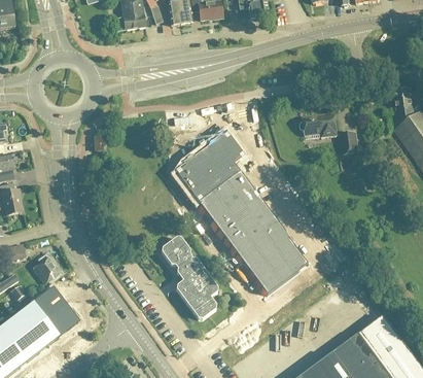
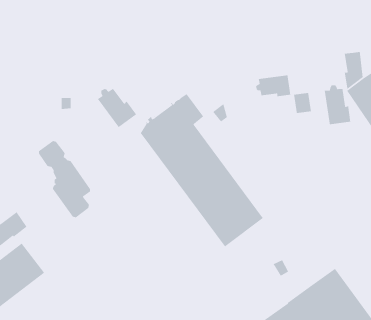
building: none -> [324,84,351,125]
building: none -> [97,88,137,128]
building: [161,237,216,319] -> [38,140,91,218]

